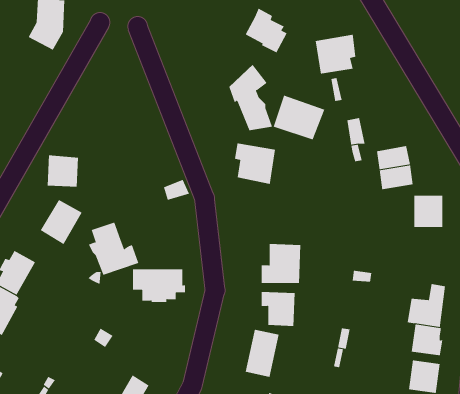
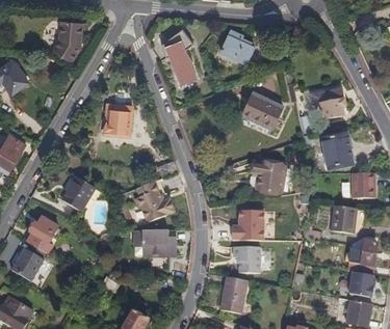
building: [315,34,356,74] -> [314,87,346,118]
building: [229,64,273,131] -> [162,28,197,80]
building: [234,143,276,184] -> [253,161,285,193]
building: [47,155,79,187] -> [105,106,130,131]
building: [88,222,139,275] -> [133,180,173,221]
building: none -> [331,205,356,234]

